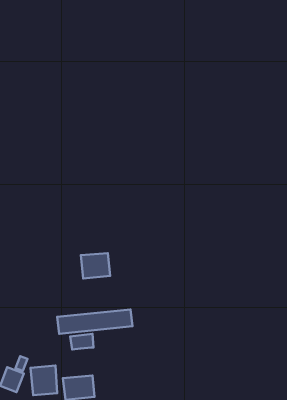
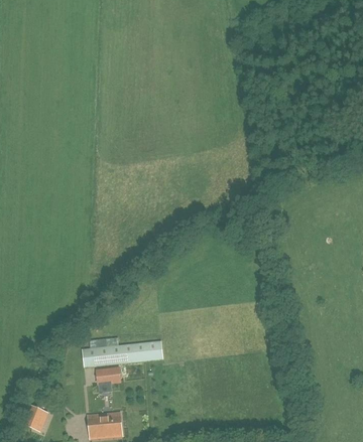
building: [81,253,110,279] -> none
building: [30,366,57,395] -> none

